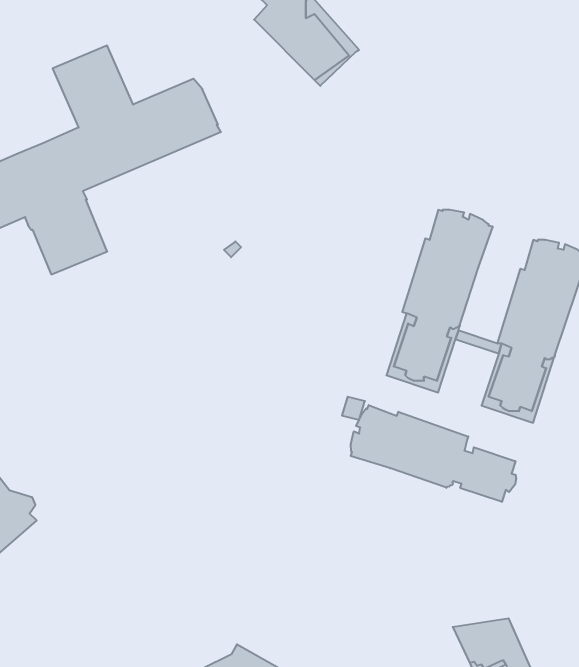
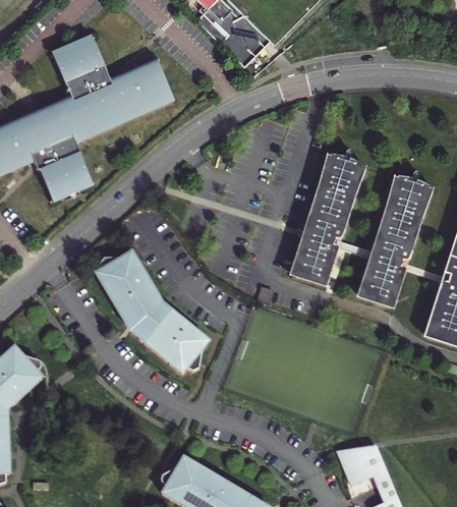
building: none -> [92,254,205,377]
building: [351,405,516,502] -> none

